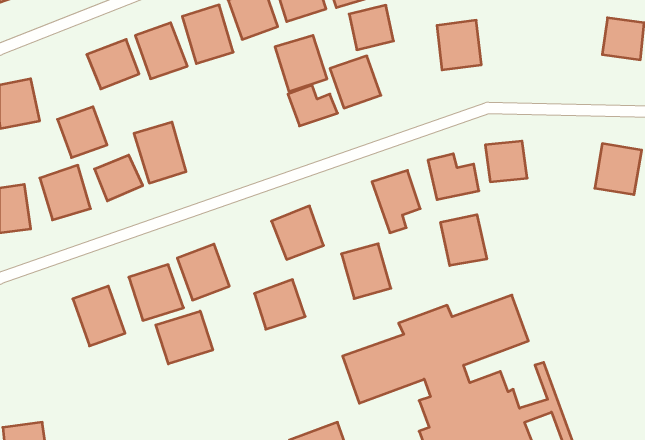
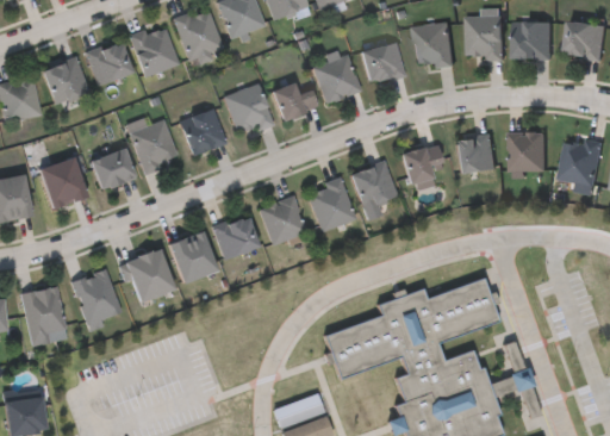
building: [349,5,394,50] -> [362,42,404,83]
building: none -> [467,14,505,57]
building: none -> [517,19,552,57]
building: [275,35,327,91] -> [224,83,273,136]
building: [57,107,107,158] -> [43,56,89,104]
building: none -> [180,107,225,154]
building: none -> [510,130,548,169]
building: [441,215,487,266] -> none
building: [341,244,391,299] -> [307,179,354,230]
building: [254,280,305,329] -> [212,212,260,259]
building: none -> [21,286,64,345]
building: [156,311,213,364] -> none

